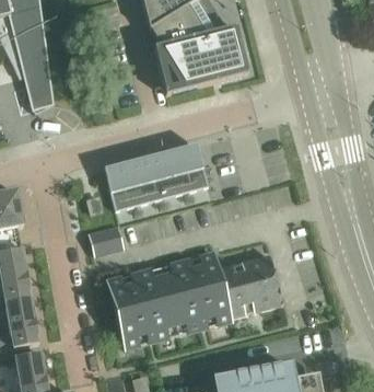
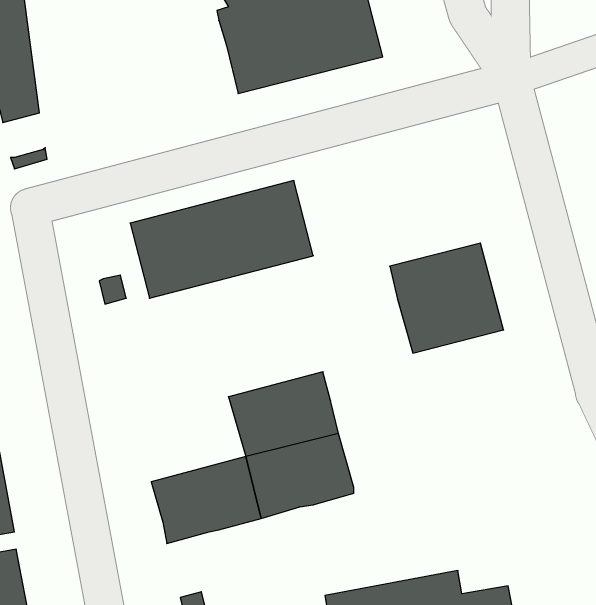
building: [87,224,124,254] -> none
building: [218,254,282,316] -> [390,243,504,353]
building: [107,265,170,313] -> none

